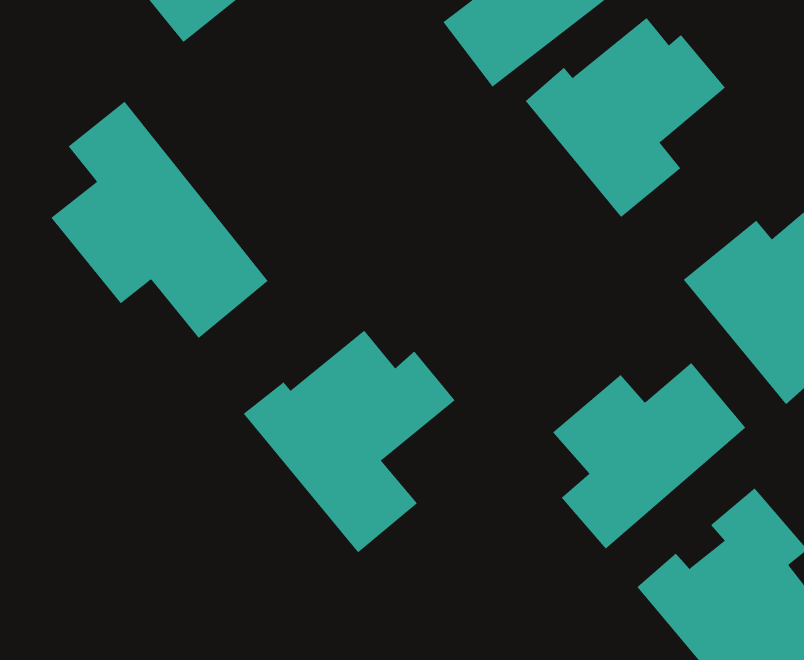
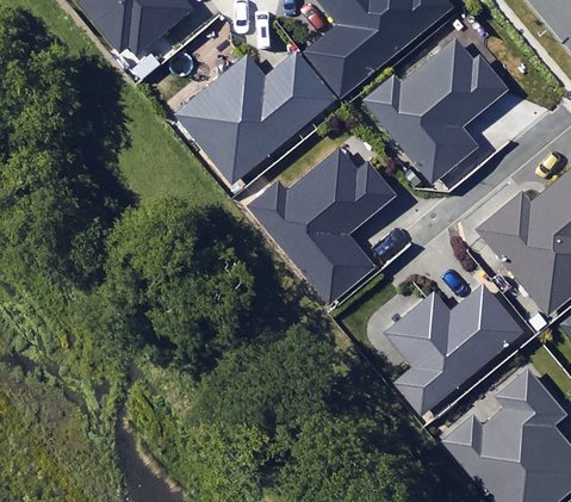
building: none -> [176,52,335,184]
building: [50,101,269,339] -> none
building: [243,330,456,553] -> [249,147,397,302]

